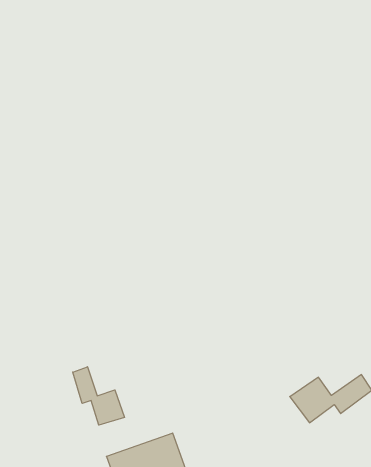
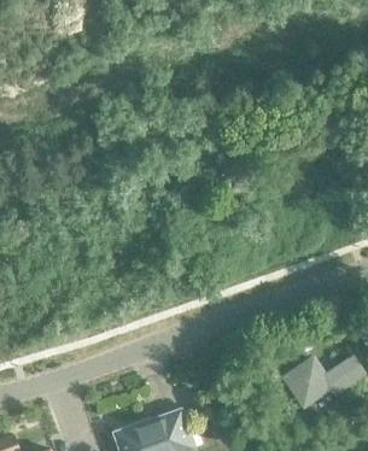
building: [73,367,125,425] -> none

